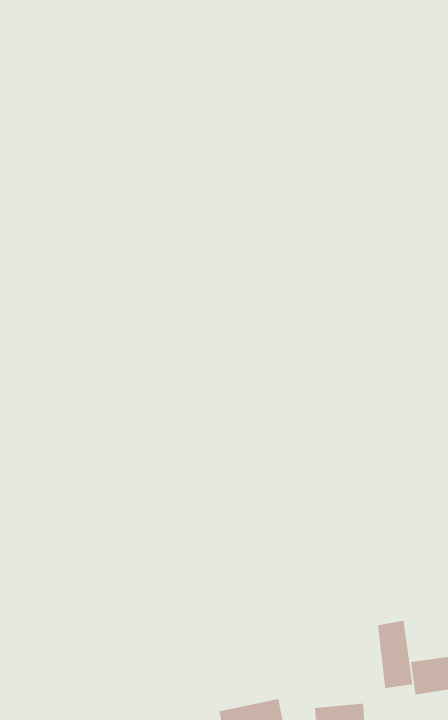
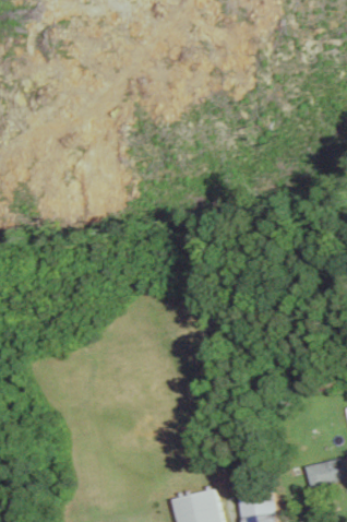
building: [377,620,413,689] -> none

